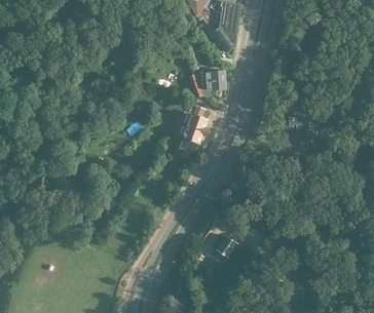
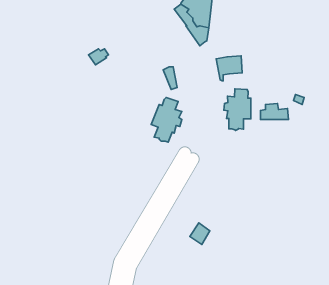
building: [199,71,226,96] -> [216,56,242,81]
building: none -> [224,89,251,130]

